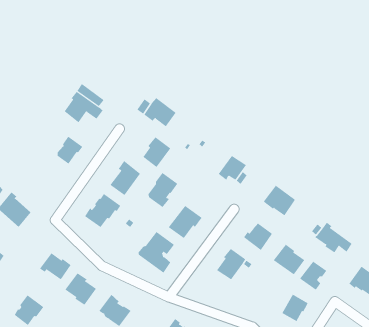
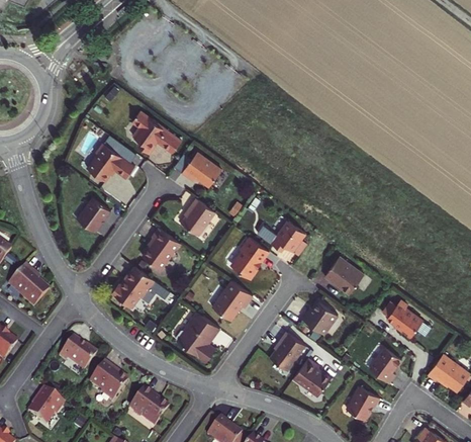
building: none -> [132,111,181,154]
building: [148,172,178,208] -> [231,237,268,279]
building: [273,244,305,275] -> [292,358,331,395]

